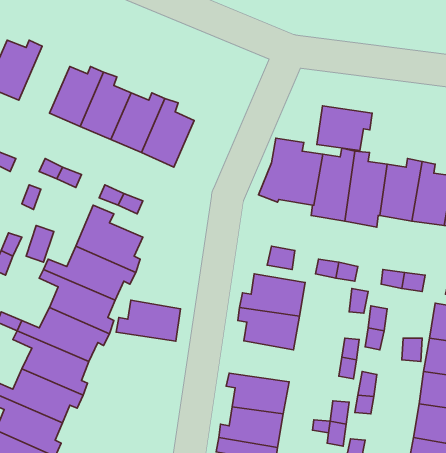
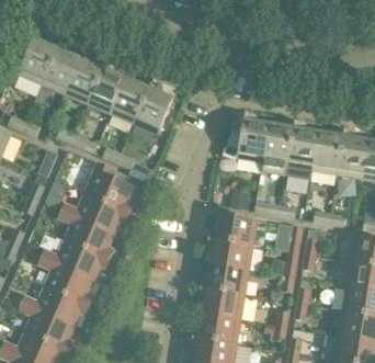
building: none -> [43,42,81,92]
building: [317,106,372,151] -> none
building: [116,300,180,341] -> [201,263,249,294]

